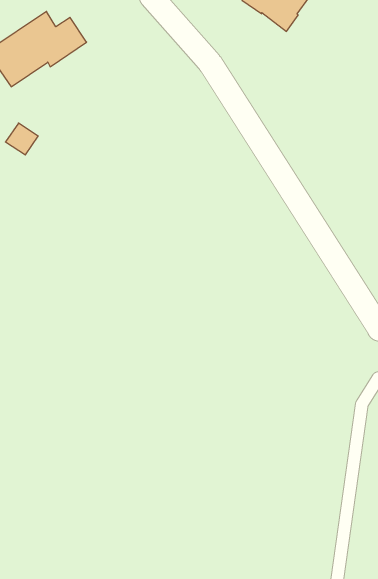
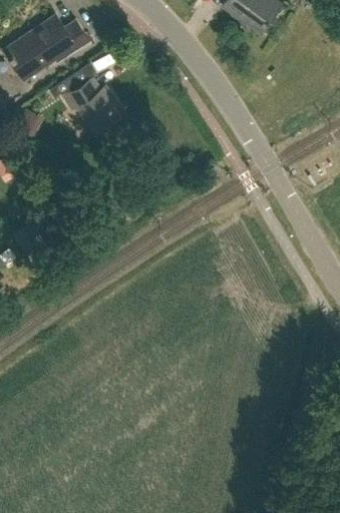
building: none -> [49,64,124,135]

